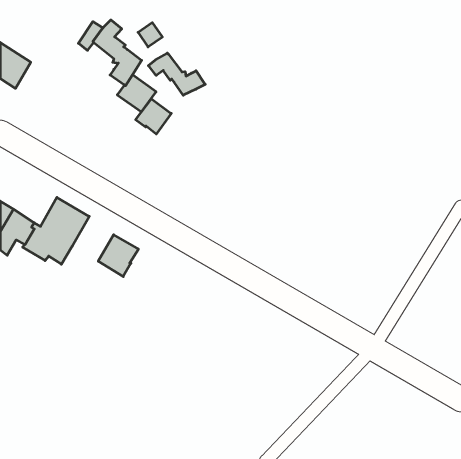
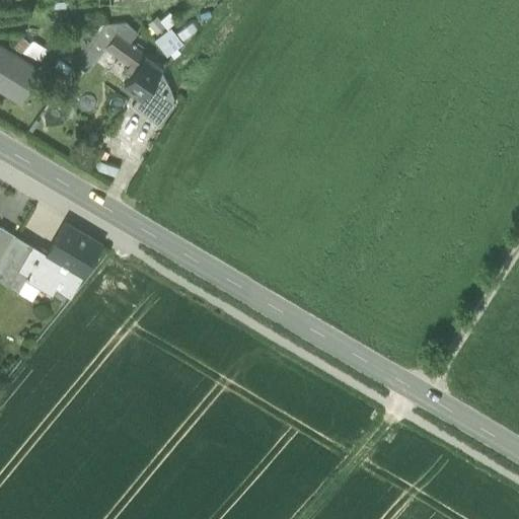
building: [148,53,205,95] -> none
building: [136,99,171,134] -> none
building: [98,235,138,277] -> none

